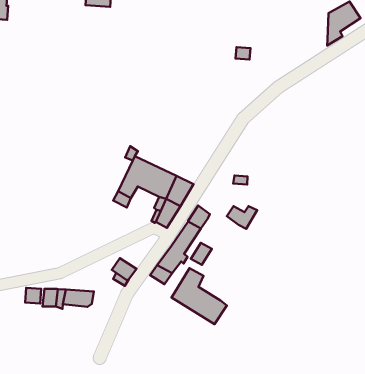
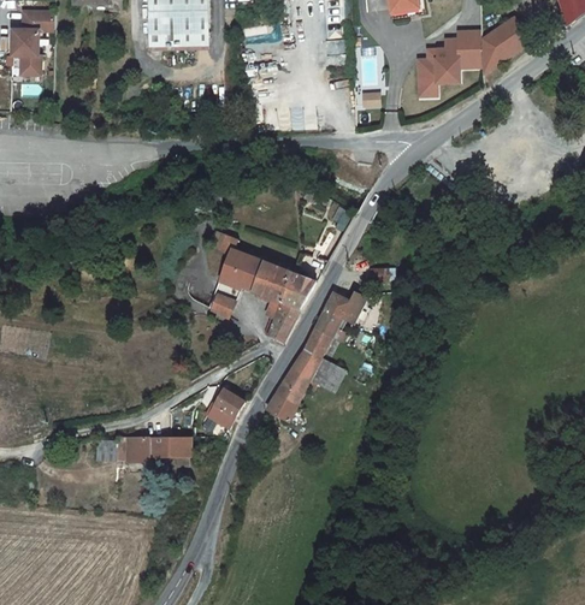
building: none -> [415,28,480,96]
building: [227,206,257,229] -> [323,295,364,326]
building: [172,268,227,324] -> none

